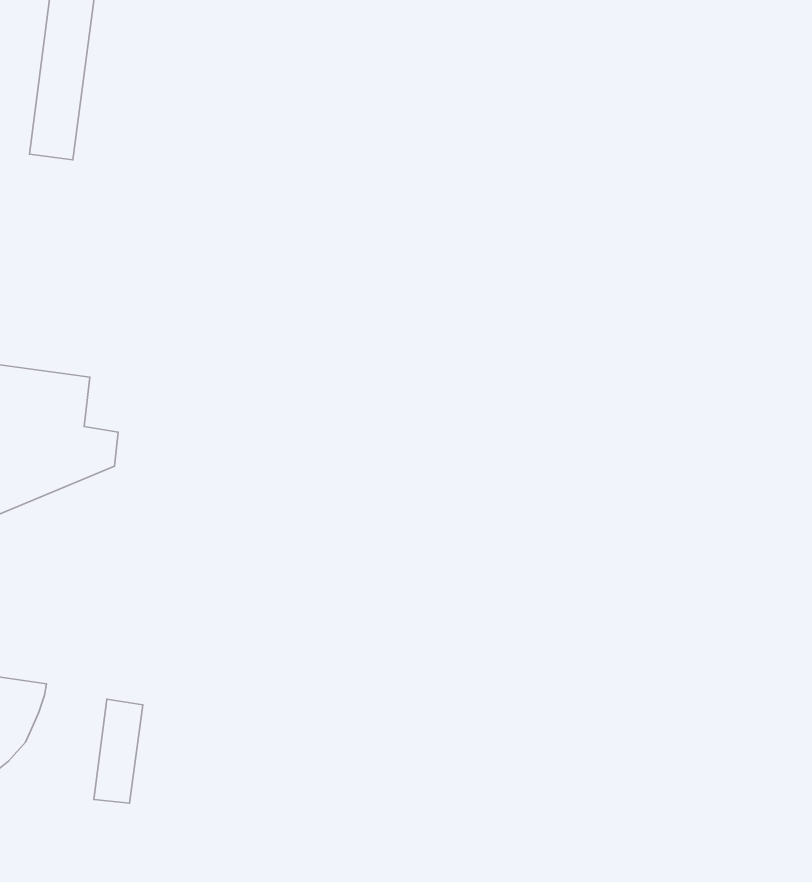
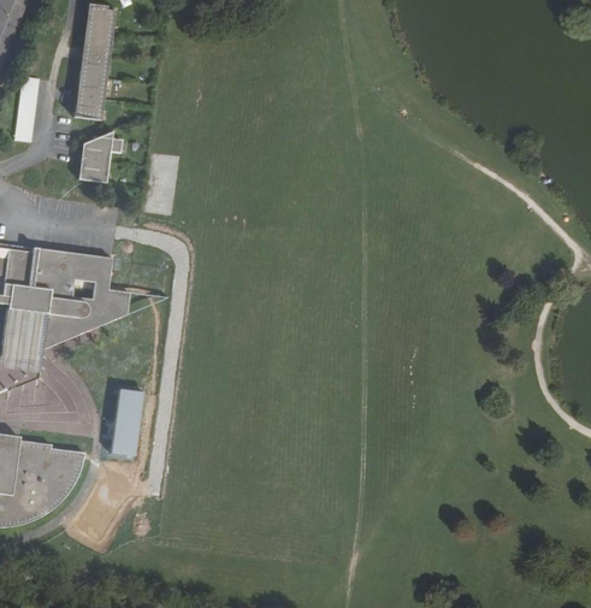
building: none -> [77,136,120,182]
building: [94,699,143,803] -> [110,389,141,455]

